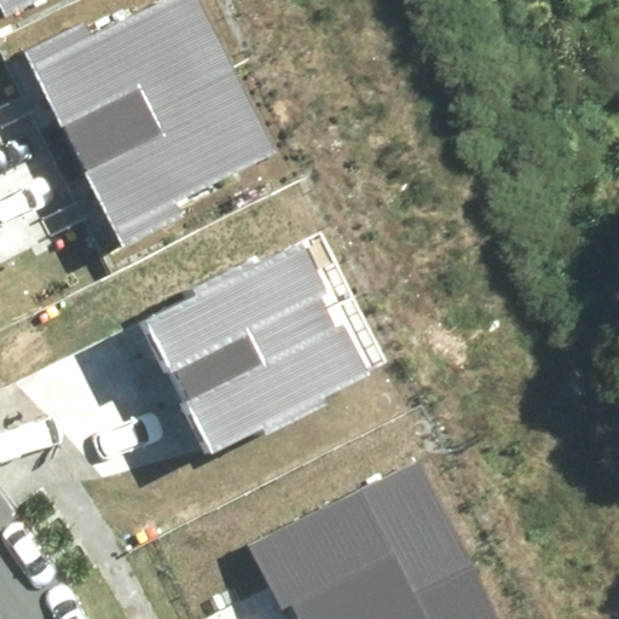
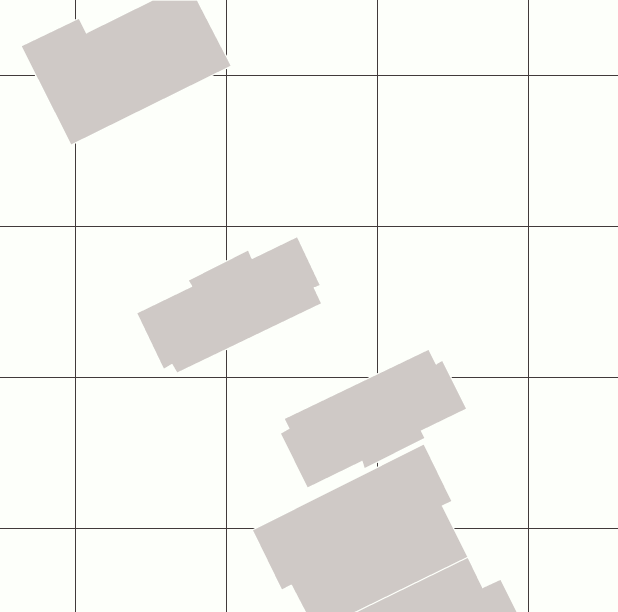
building: [75,76,276,253] -> none
building: [177,312,361,450] -> [280,349,467,488]

